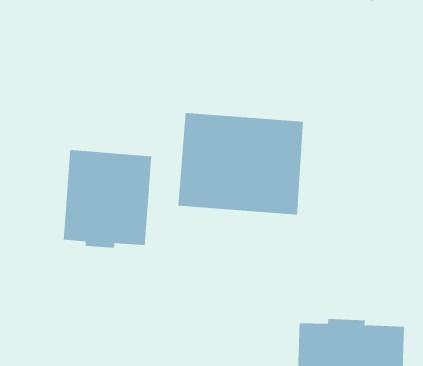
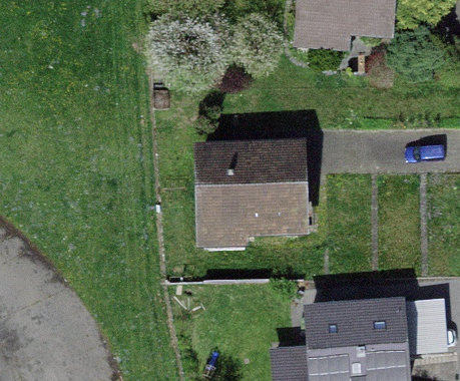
building: [63,149,152,248] -> none

